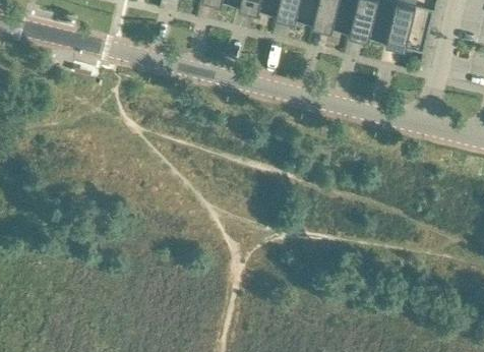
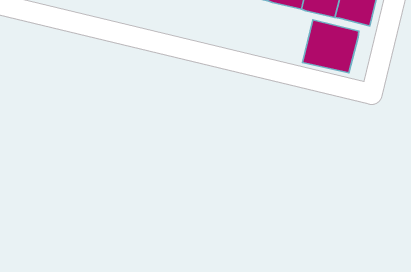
building: none -> [302,20,359,73]

